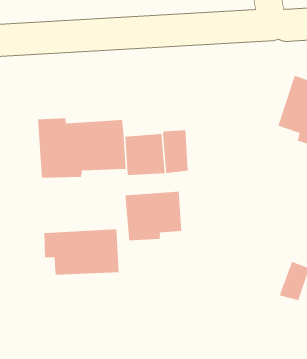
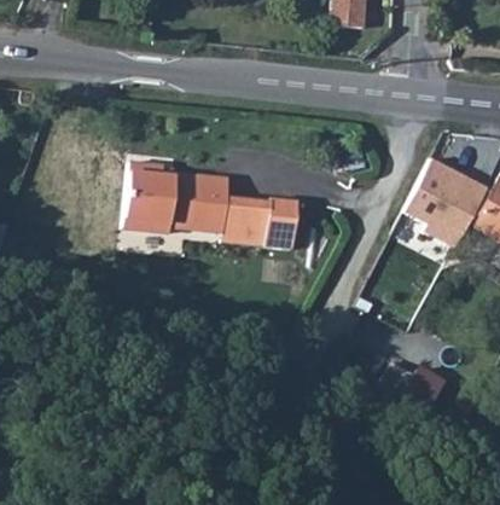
building: [125,191,182,241] -> none
building: [44,229,119,276] -> none

